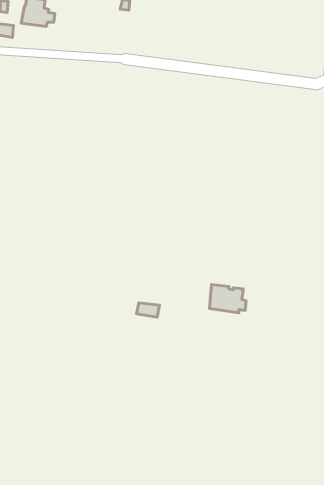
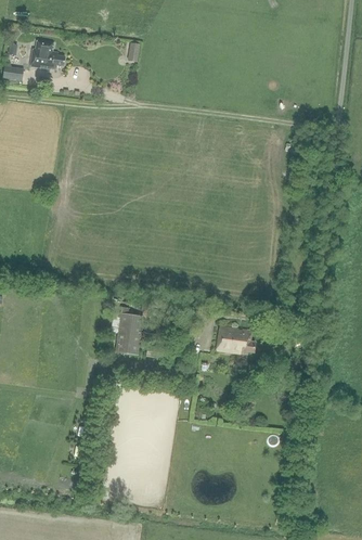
building: none -> [115,311,143,353]

